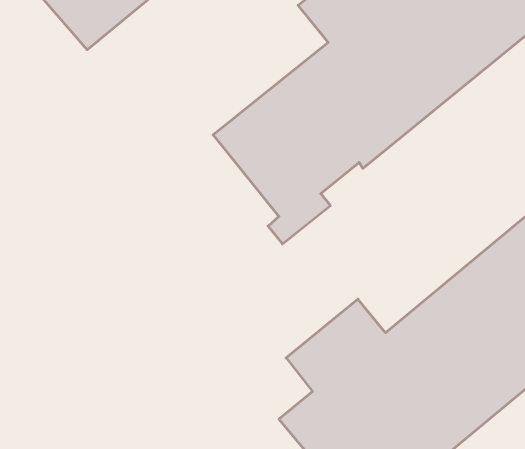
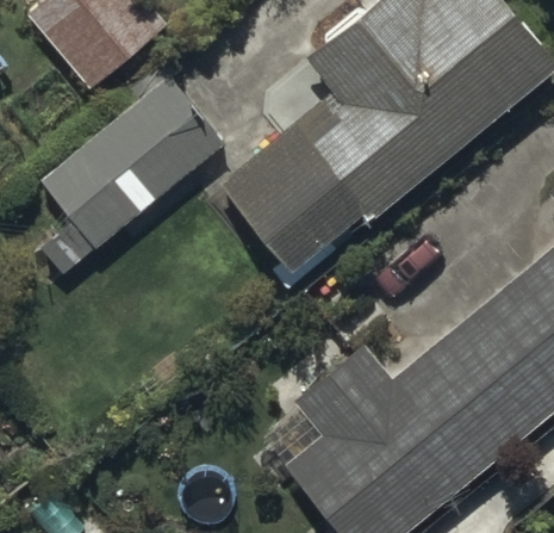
building: none -> [37,79,224,281]

